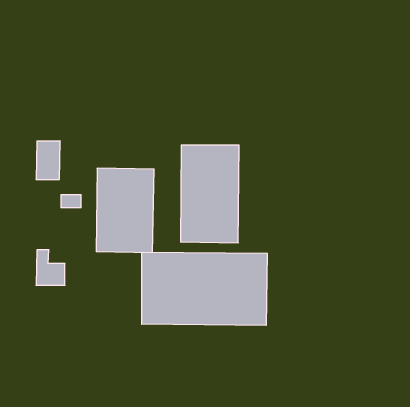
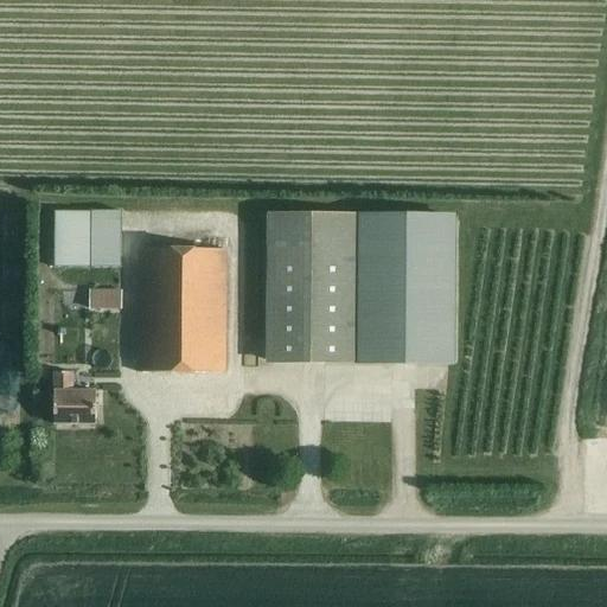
building: none -> [88,209,121,267]
building: none -> [359,215,455,360]
building: [142,252,267,325] -> none

